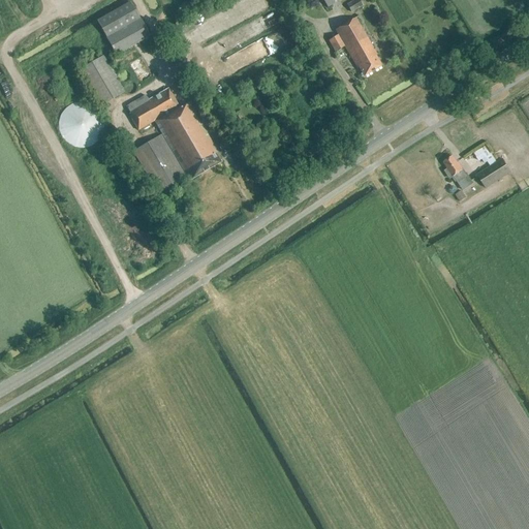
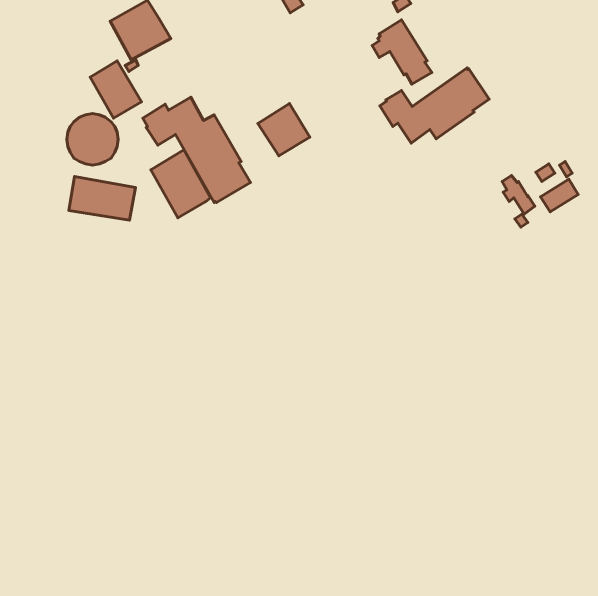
building: none -> [380,68,489,143]
building: none -> [258,104,310,156]
building: none -> [69,177,136,220]

